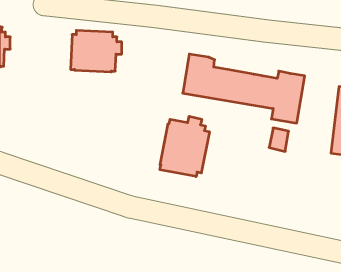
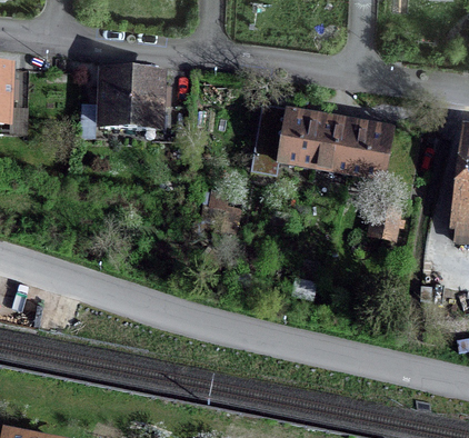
building: [160,116,209,177] -> none

